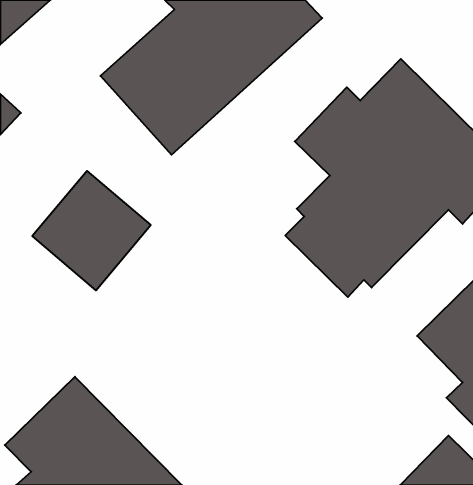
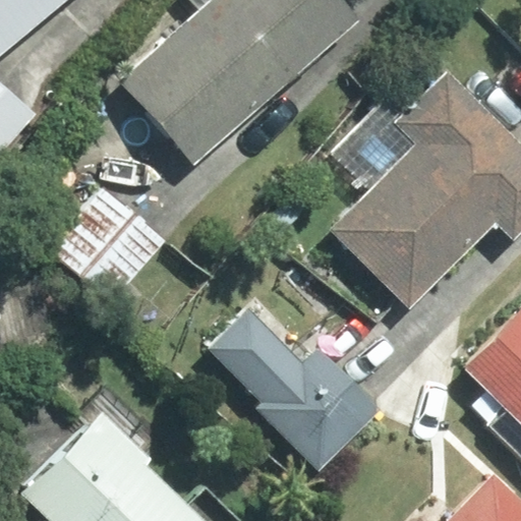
building: none -> [210,291,382,468]

